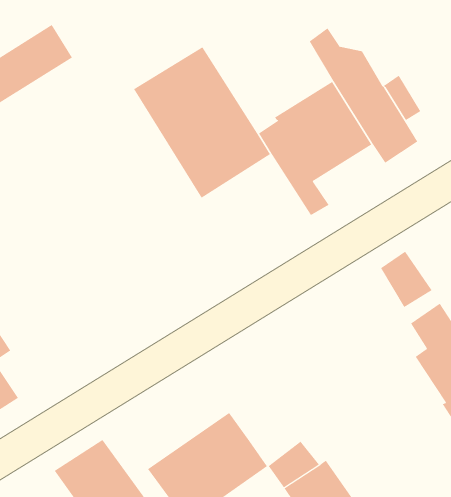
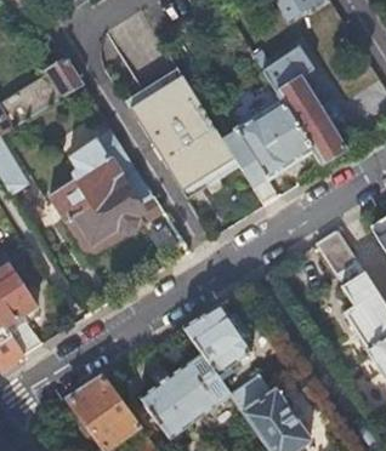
building: none -> [50,129,161,252]
building: none -> [182,303,252,376]

